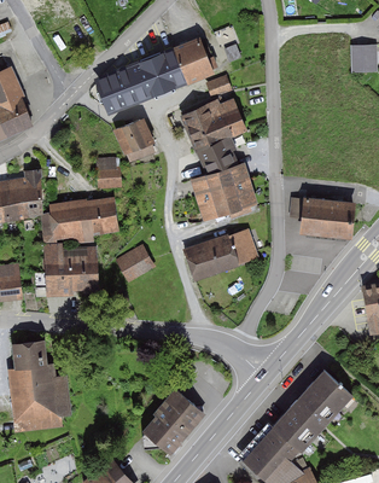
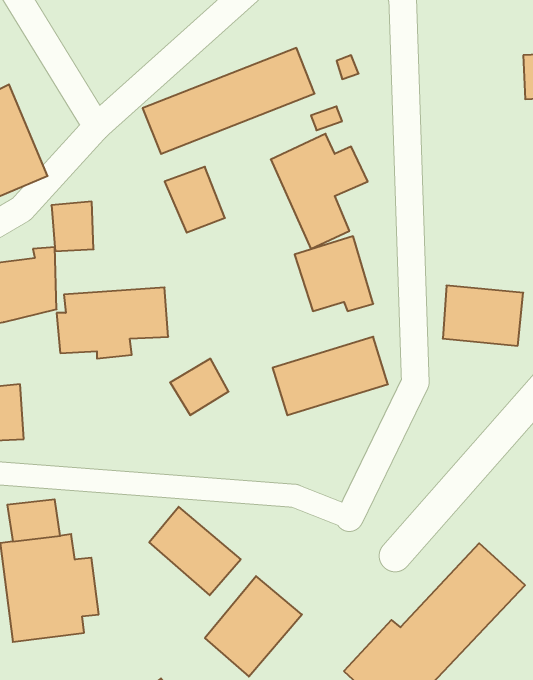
building: [93,156,121,188] -> [51,202,94,251]
building: [43,243,95,295] -> none
building: none -> [149,507,241,595]

